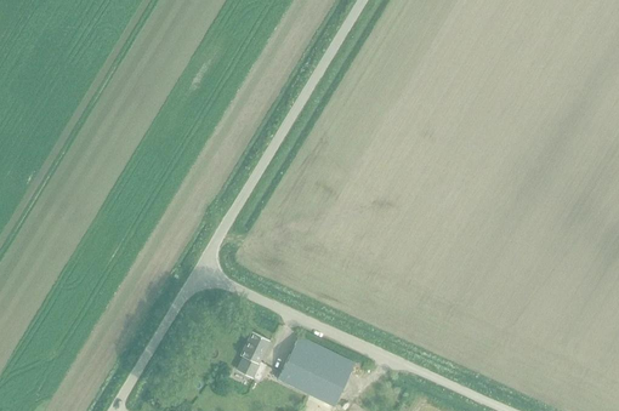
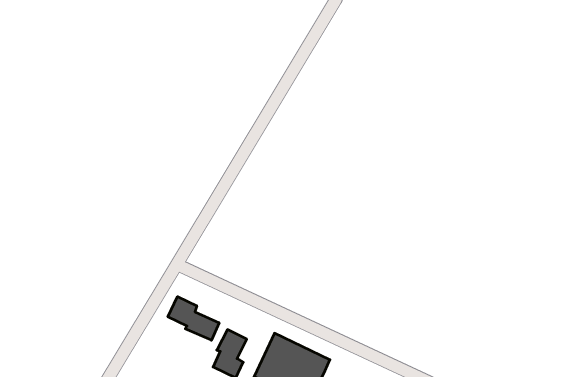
building: none -> [168,297,219,340]

